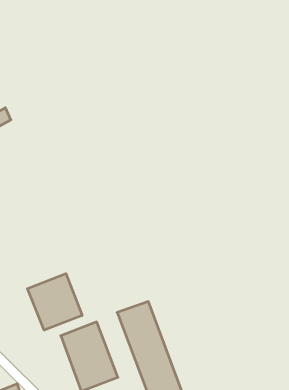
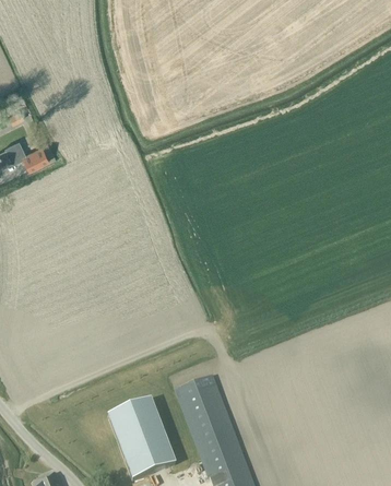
building: [27,274,82,330] -> none

